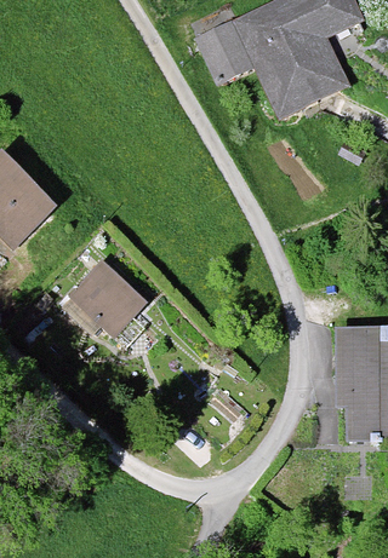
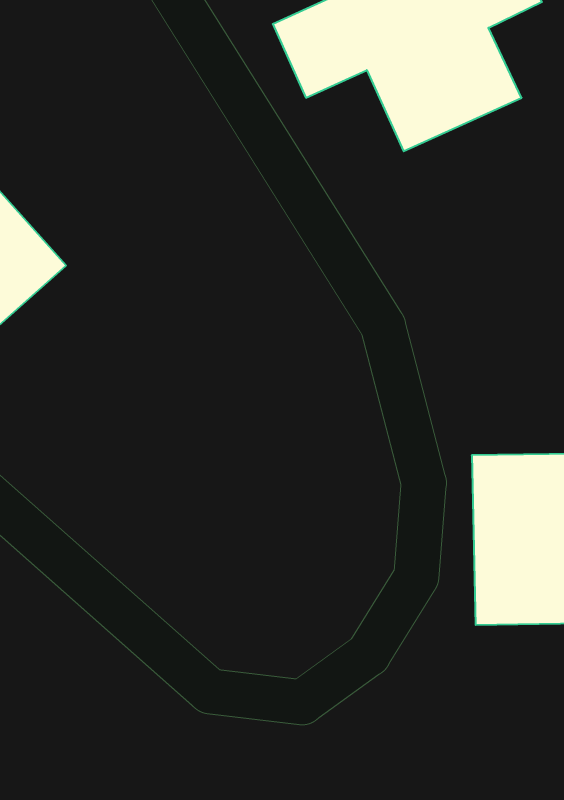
building: [69,258,150,338] -> none

